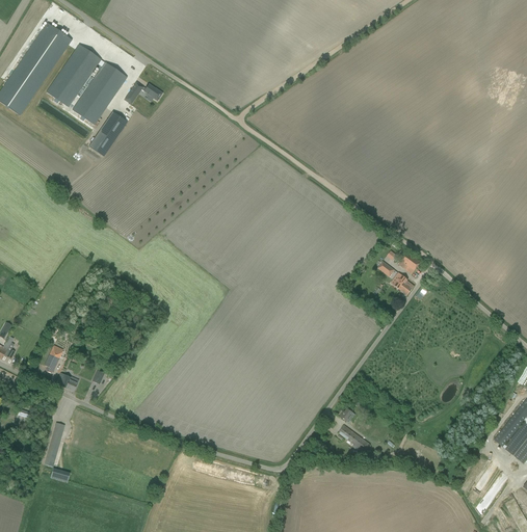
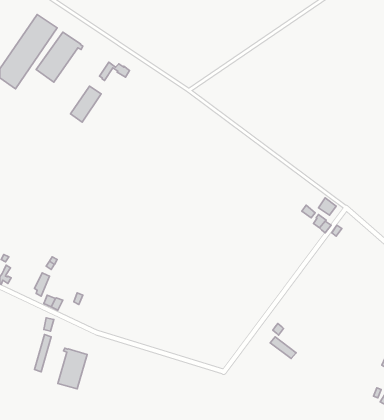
building: [72,61,127,124] -> none
building: none -> [58,348,87,389]

